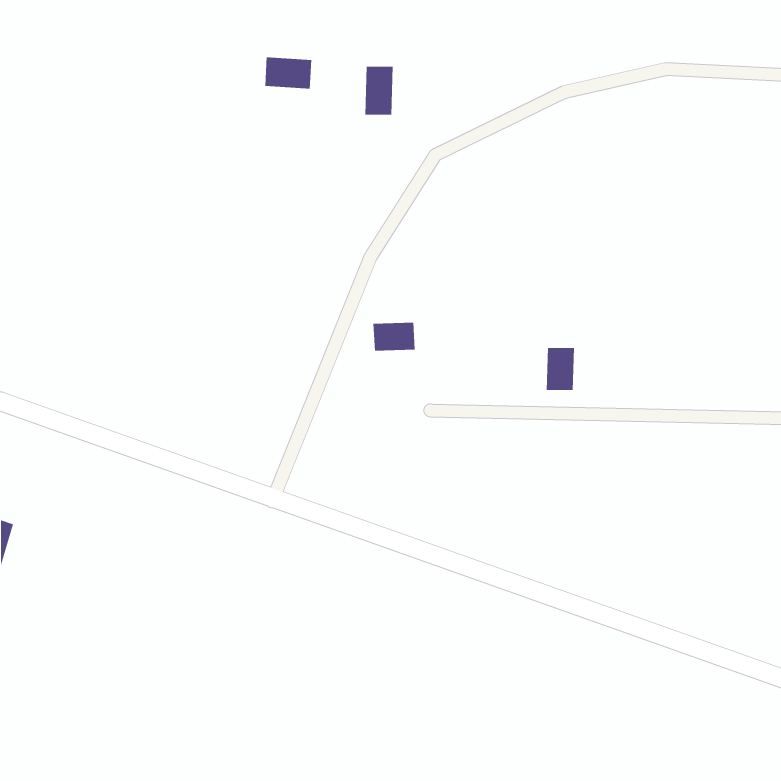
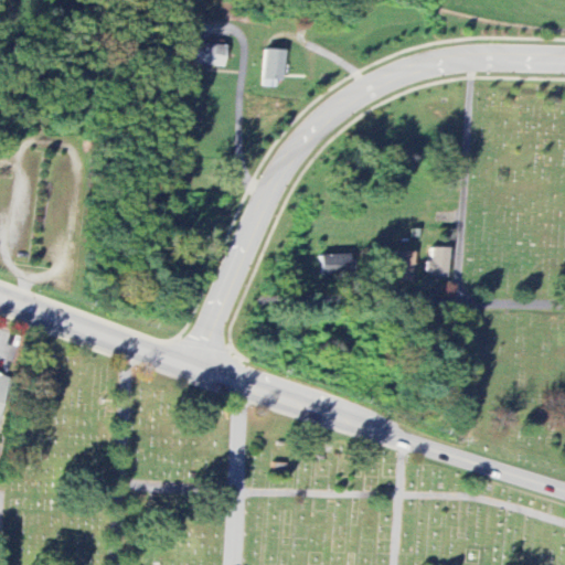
building: [373,322,416,351] -> [321,253,352,274]
building: none -> [428,245,450,276]

